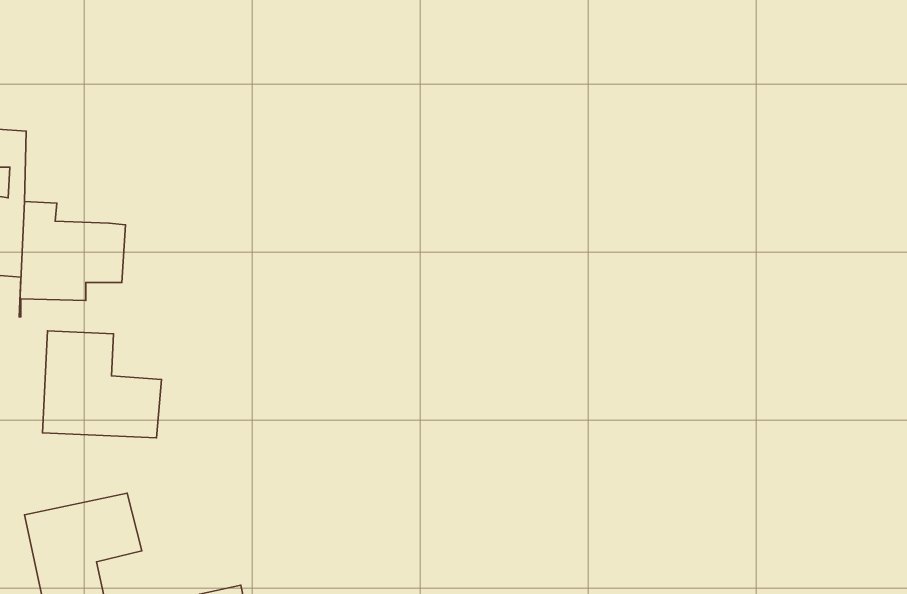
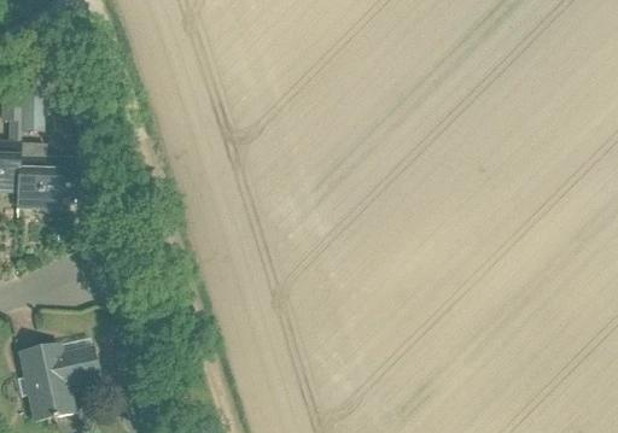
building: none -> [22,90,41,130]
building: [43,331,162,438] -> none

